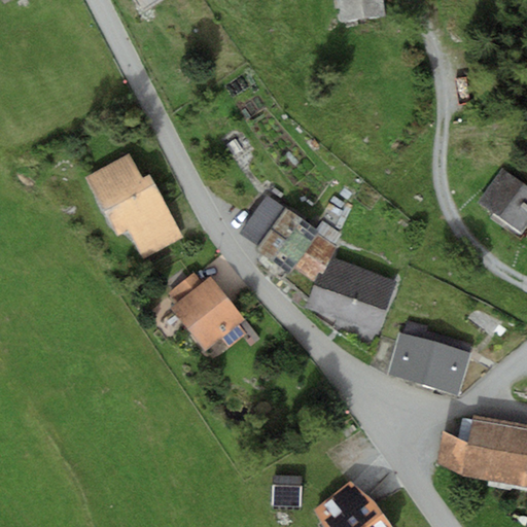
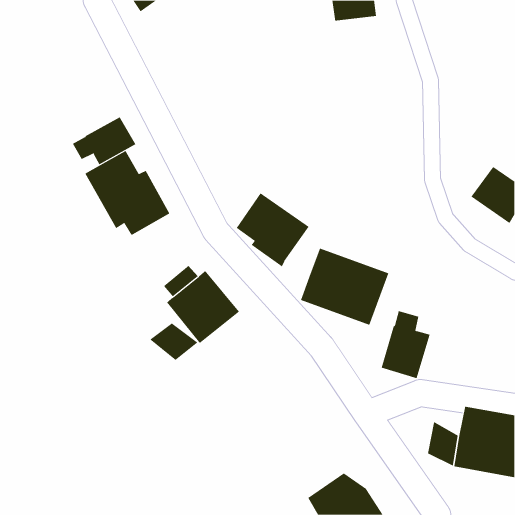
building: none -> [72,116,136,165]
building: [134,218,184,259] -> none
building: [291,221,338,283] -> none
building: none -> [149,323,198,361]
building: [426,342,471,396] -> none

